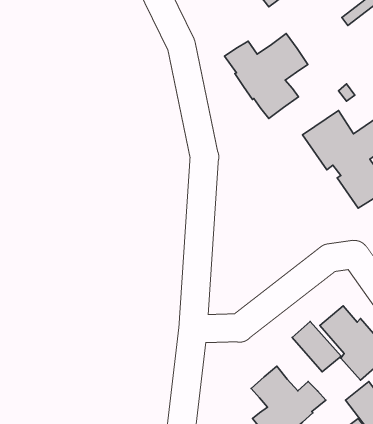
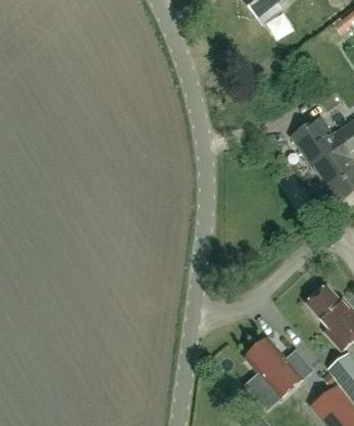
building: [225,34,308,118] -> none
building: [292,322,341,372] -> none

